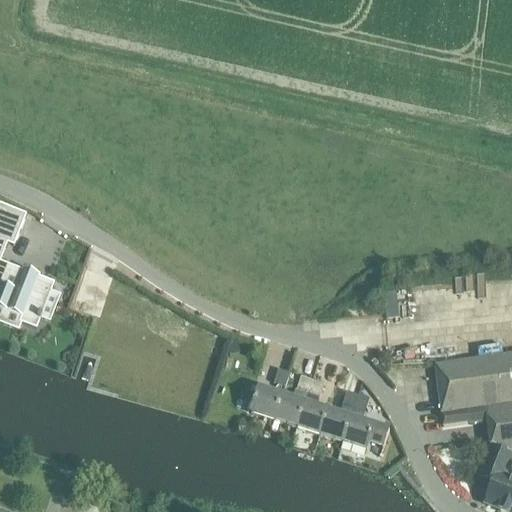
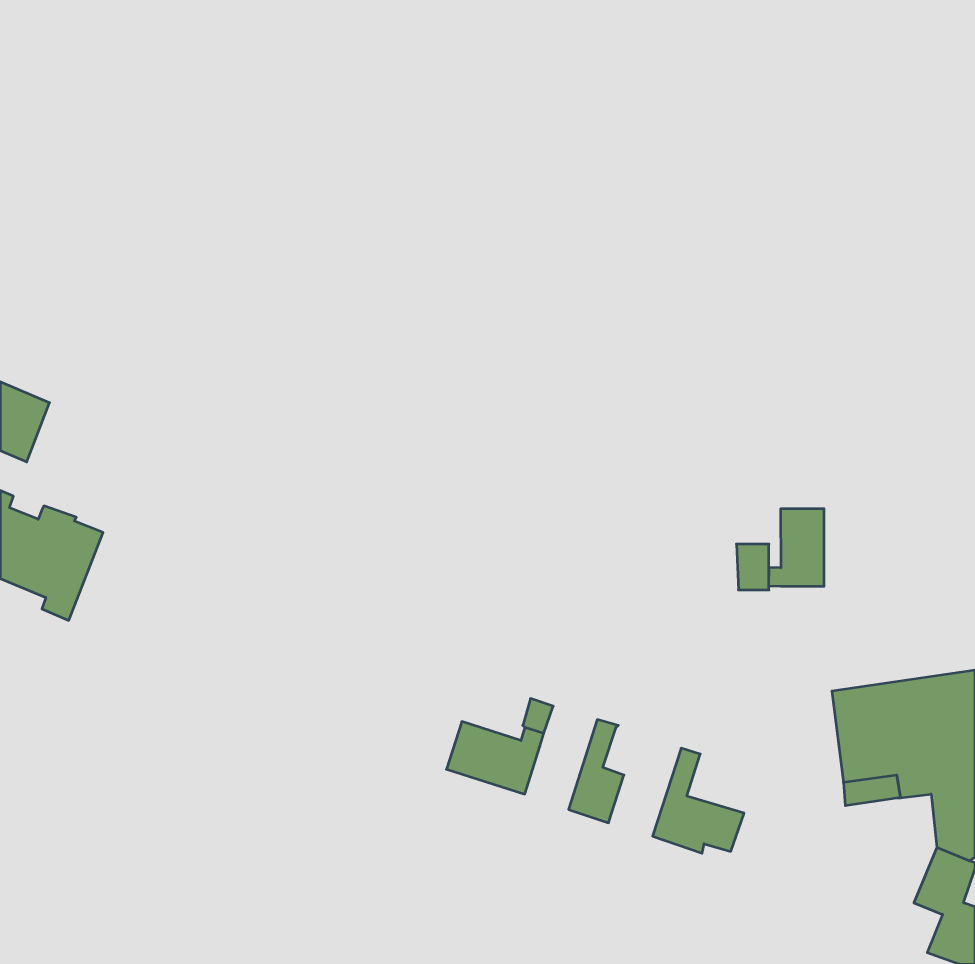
building: none -> [769,509,824,586]
building: [275,373,313,424] -> none
building: [319,389,357,438] -> none

